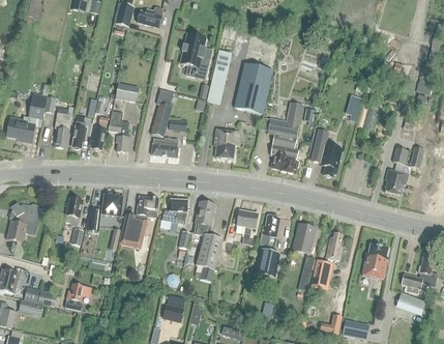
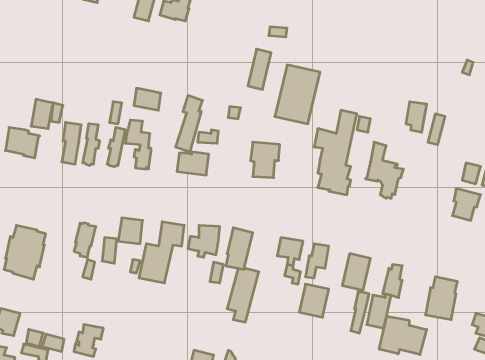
building: [180,33,211,79] -> none
building: none -> [379,316,427,355]

